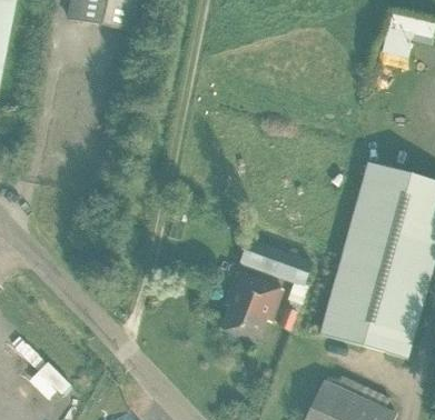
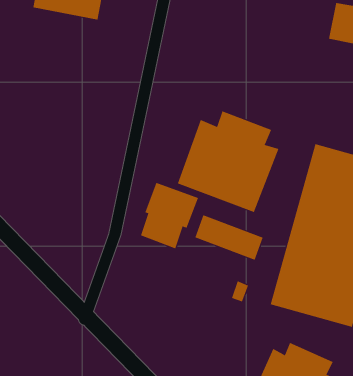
building: none -> [177,110,279,213]
building: [219,273,281,344] -> [140,182,199,249]

